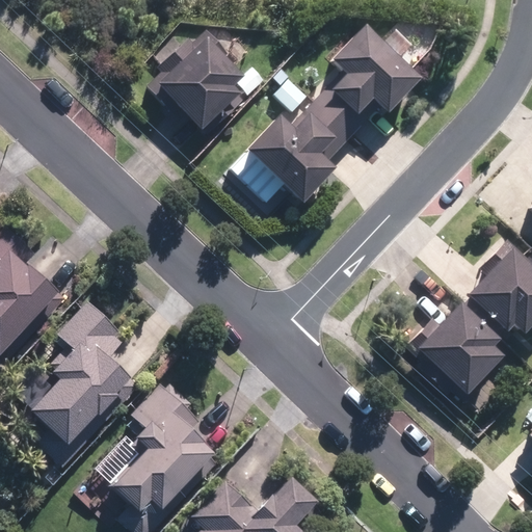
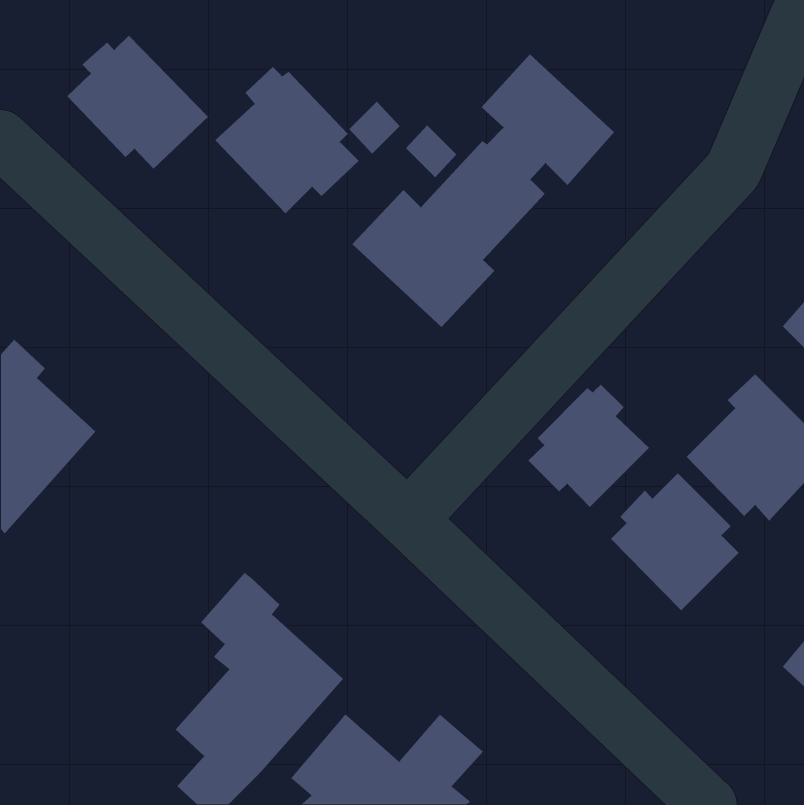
building: none -> [67,35,209,169]
building: none -> [527,384,650,508]
building: [18,295,156,441] -> none

